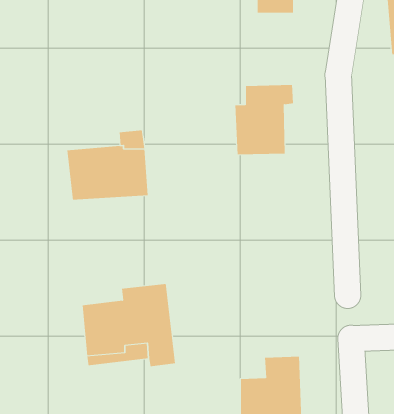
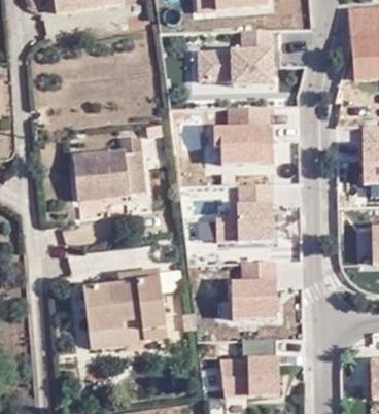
building: none -> [198,45,272,82]
building: none -> [216,184,273,243]
building: none -> [232,262,279,319]

